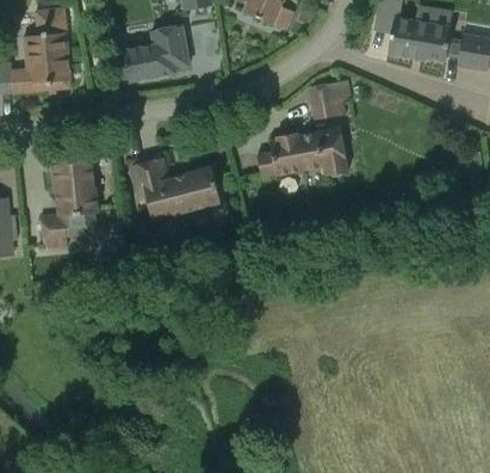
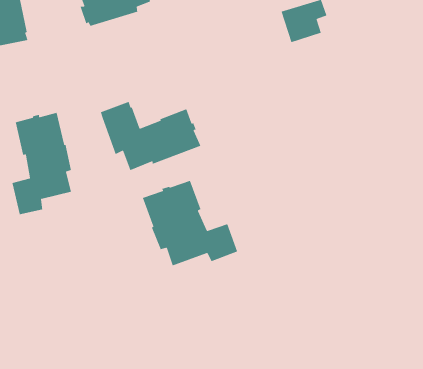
building: [255,123,346,177] -> none
building: none -> [142,180,238,266]

